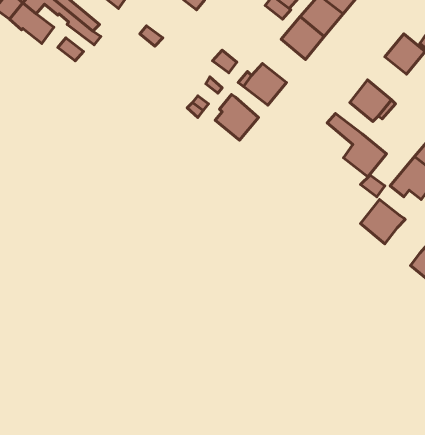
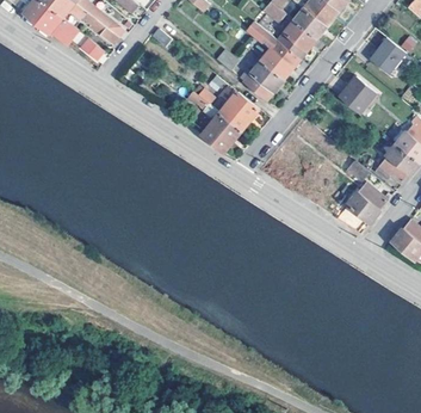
building: [327,113,387,177] -> [247,21,299,78]
building: none -> [203,111,241,150]

